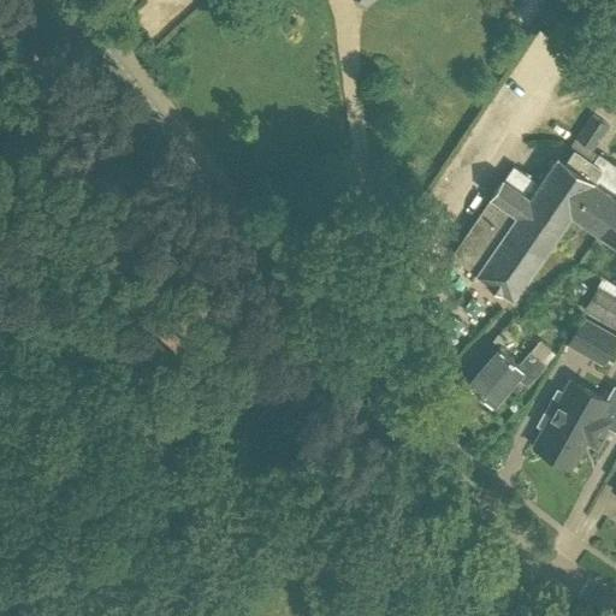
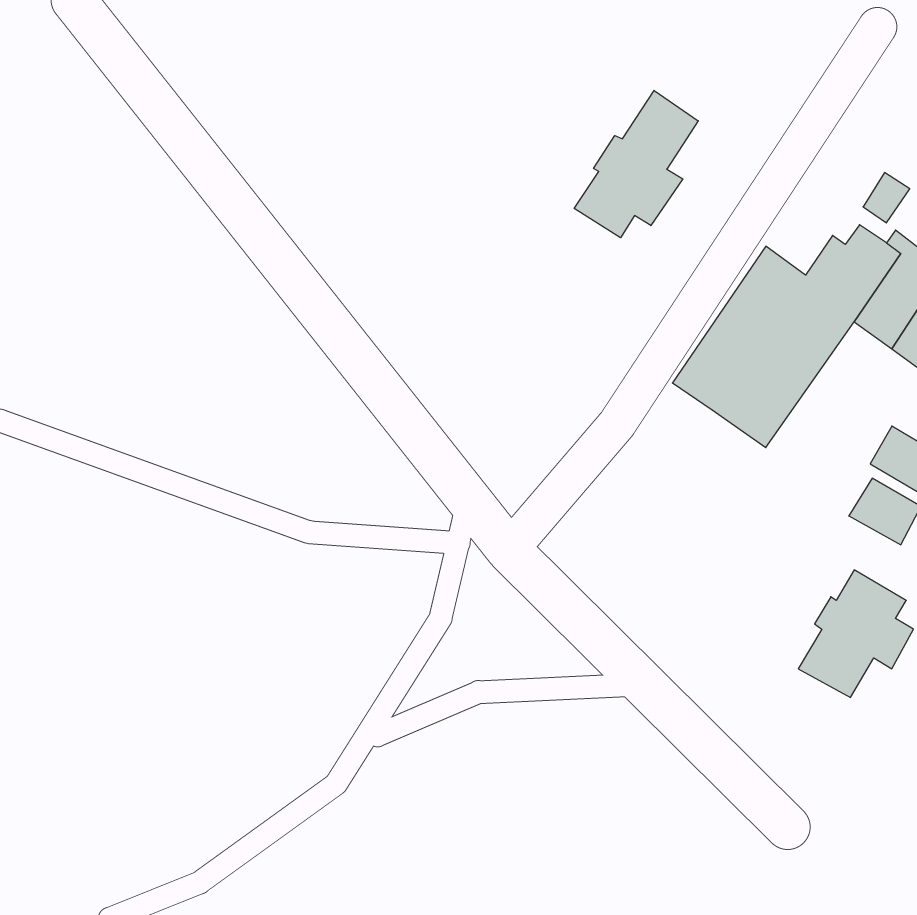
building: none -> [574,90,698,238]
building: [469,350,546,407] -> none

